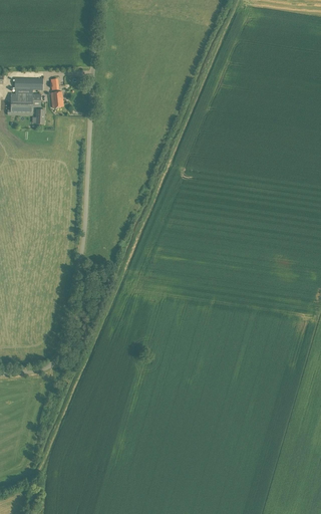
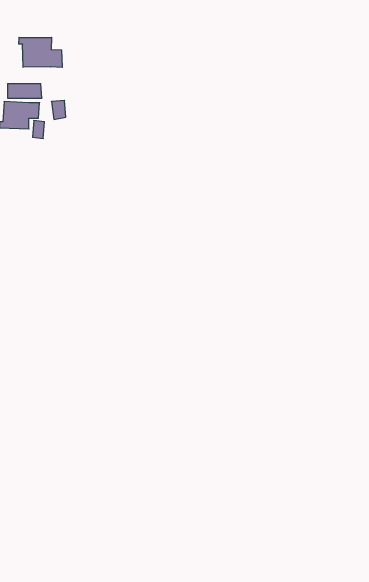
building: none -> [19,37,62,67]

